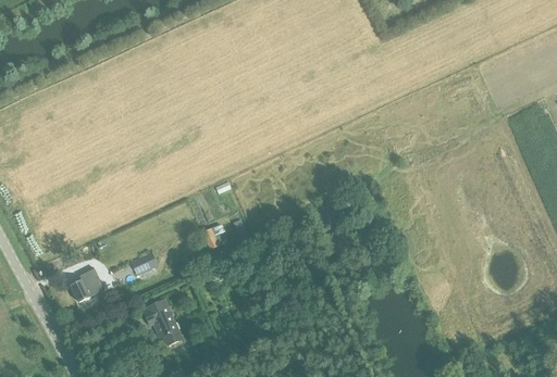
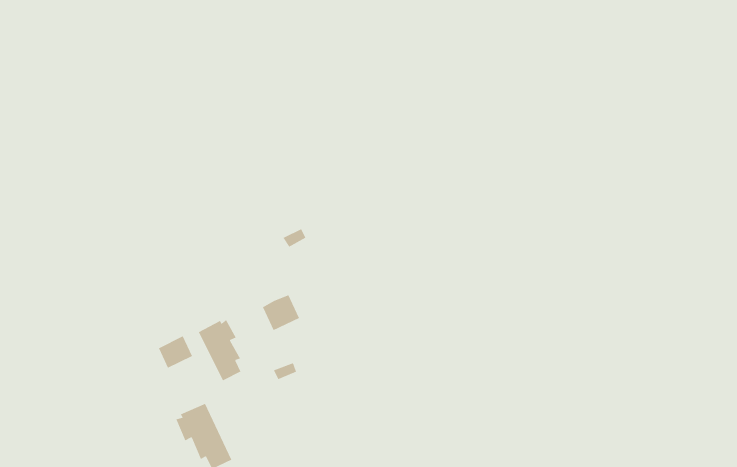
building: none -> [198,319,241,381]
building: [70,269,100,301] -> none

